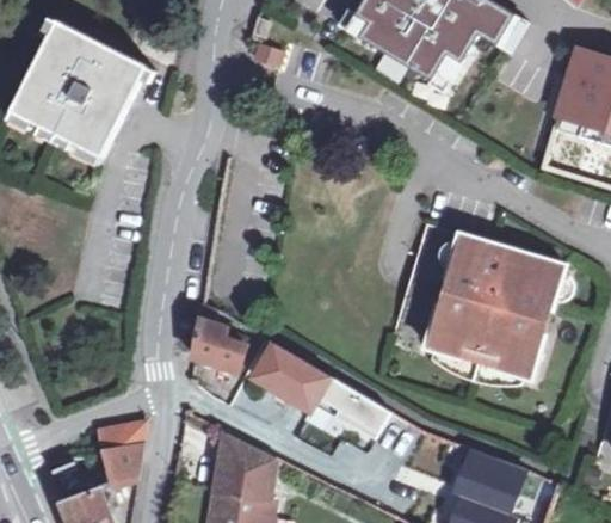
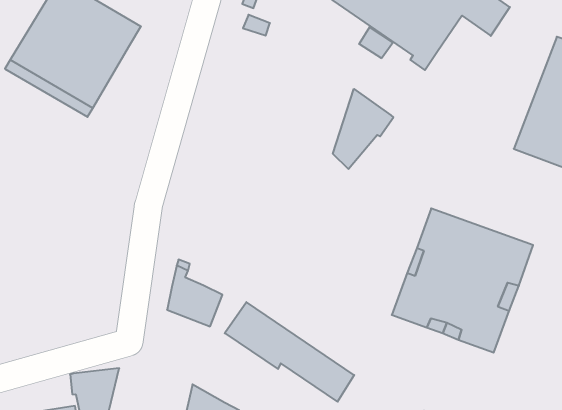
building: none -> [333,89,393,169]

